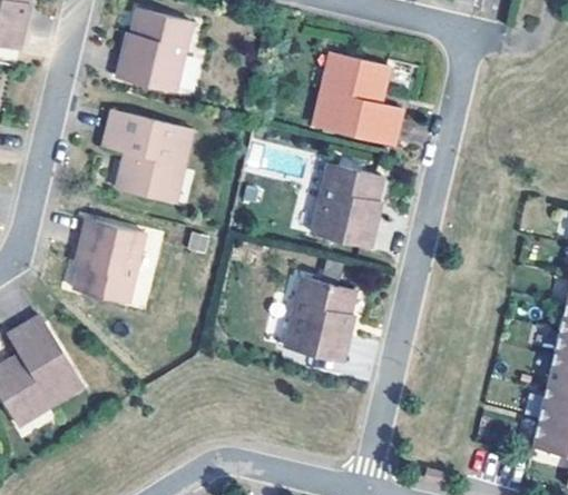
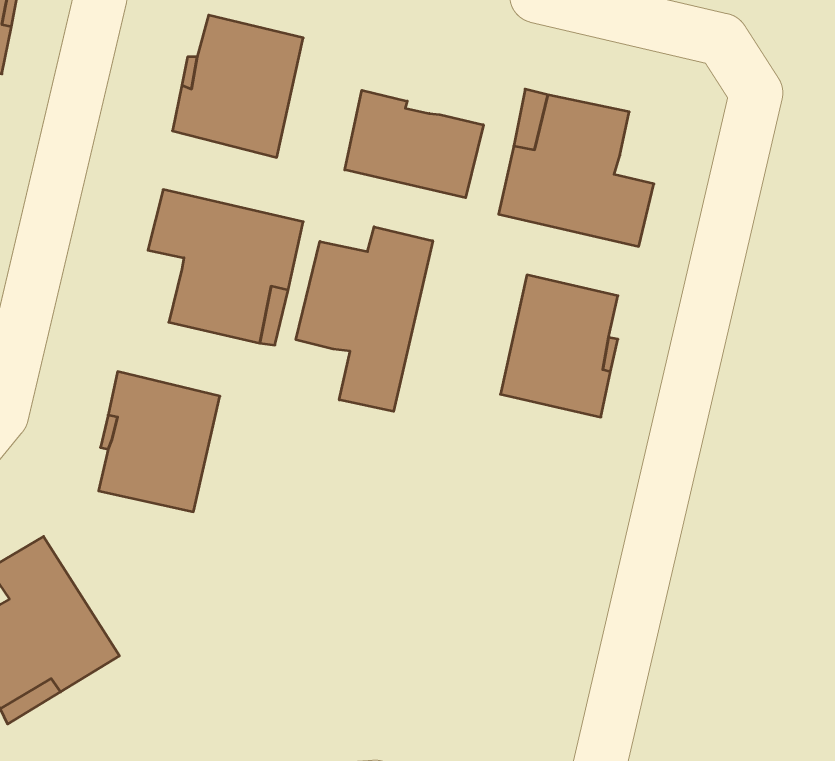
building: none -> [345,90,483,198]
building: none -> [296,227,433,411]
building: [284,276,355,360] -> none

